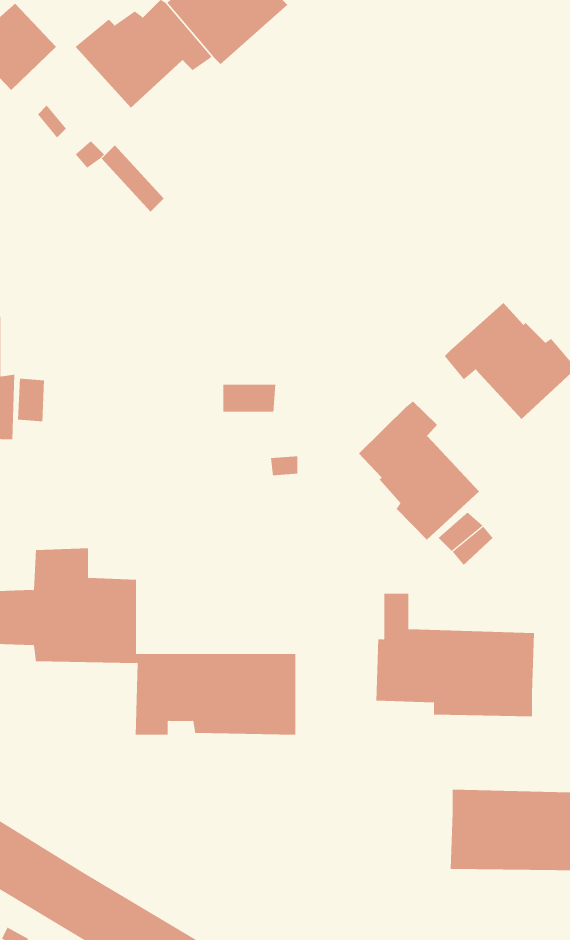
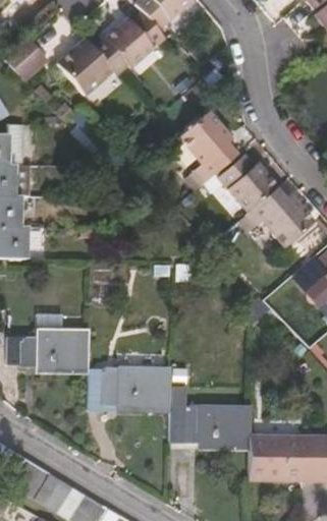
building: none -> [178,113,236,183]
building: none -> [220,156,278,213]
building: [358,400,480,541] -> none
building: [375,593,535,717] -> [169,386,251,449]

